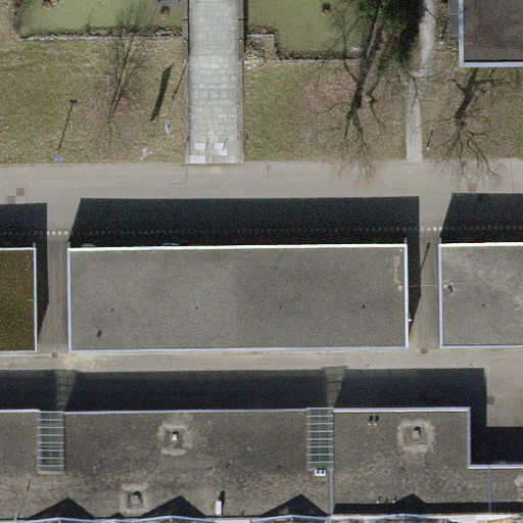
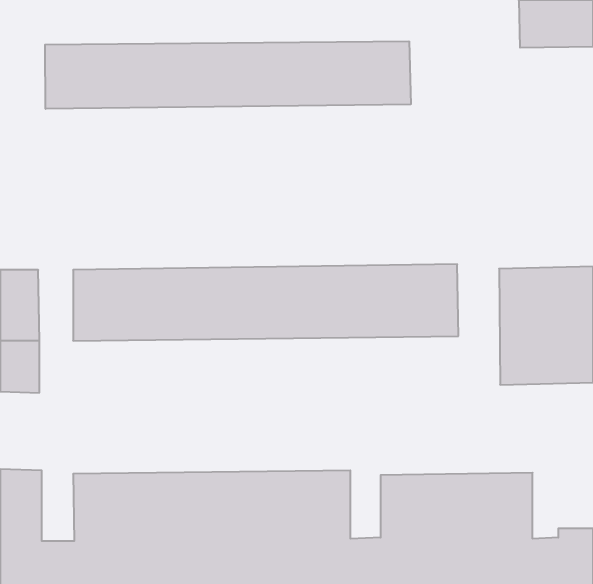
building: none -> [45,41,411,109]
building: [64,303,403,349] -> none

